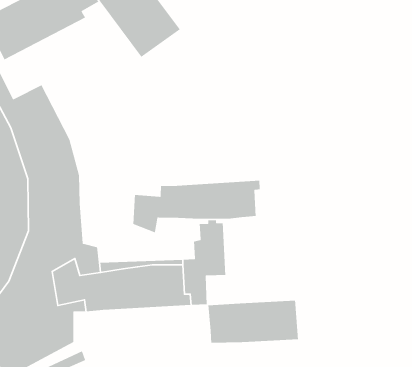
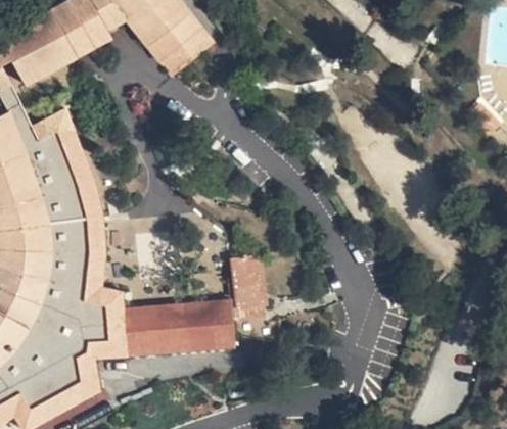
building: [133,180,260,234] -> none
building: [207,300,299,344] -> none

